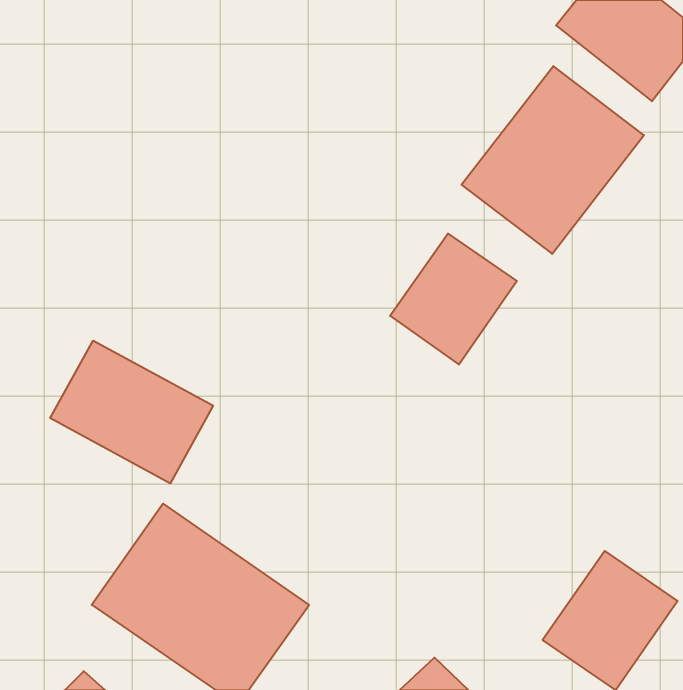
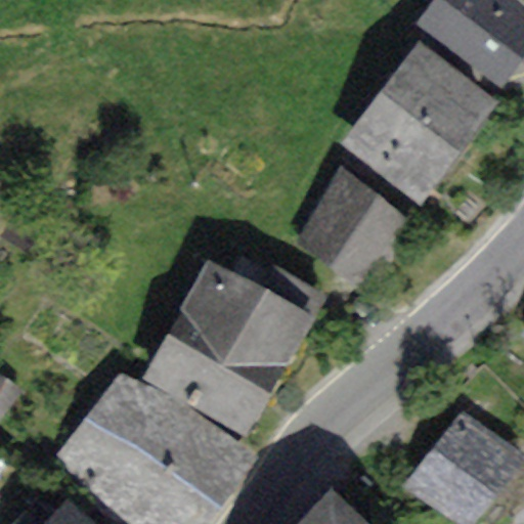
building: [50,341,213,483] -> none
building: none -> [145,267,319,431]

